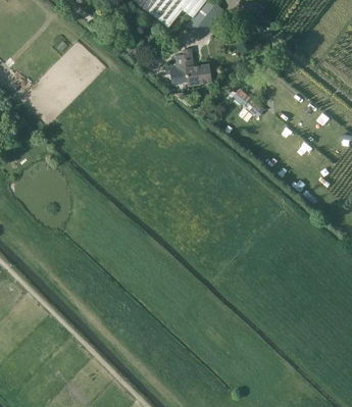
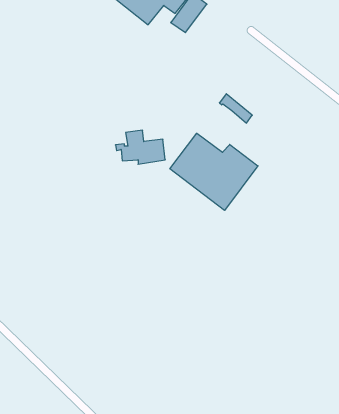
building: [167,55,212,86] -> [115,130,165,164]
building: none -> [170,133,258,210]

